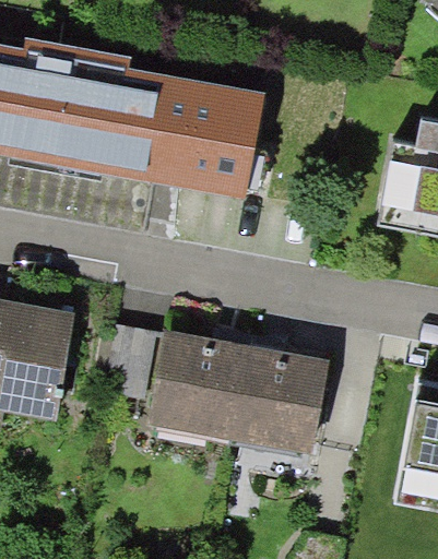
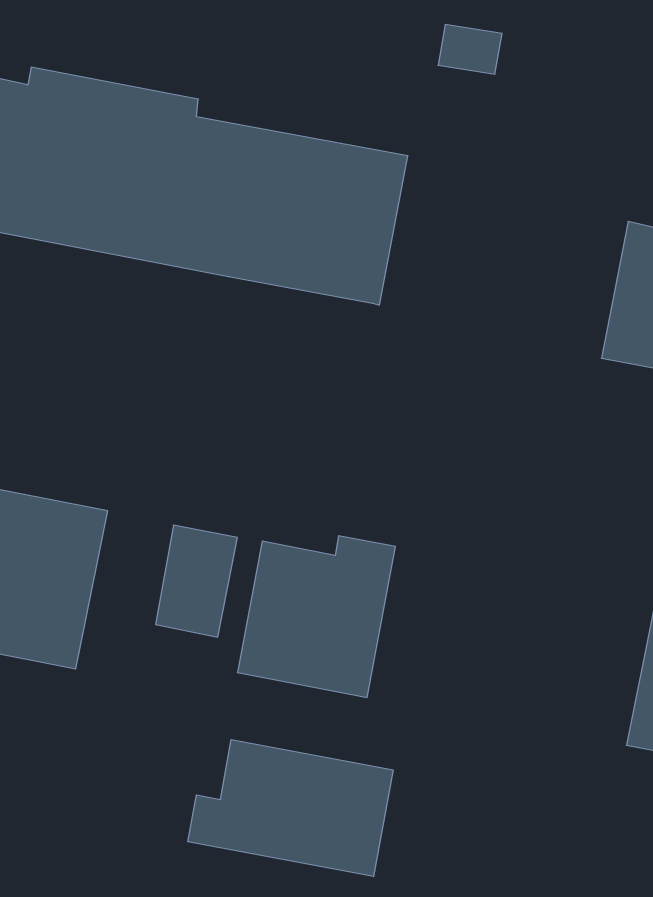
building: [236,340,331,448] -> none
building: none -> [188,740,393,877]

